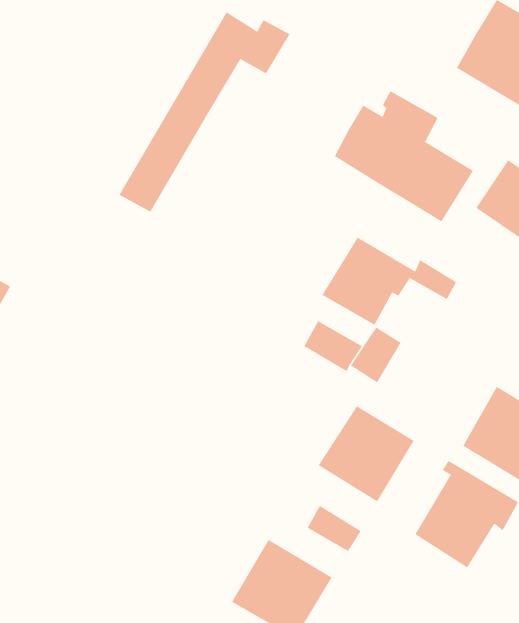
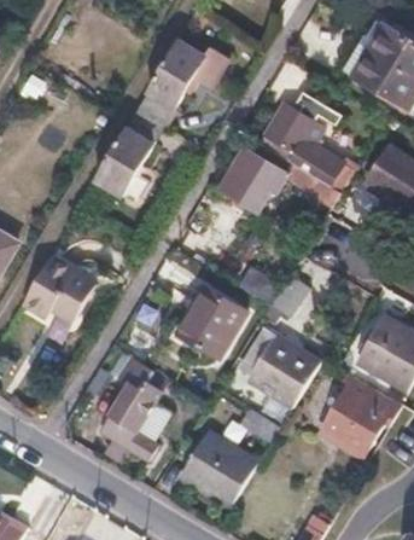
building: [322,237,457,325] -> [218,146,320,213]
building: none -> [25,251,97,314]
building: none -> [176,284,245,355]
building: none -> [100,358,159,461]

